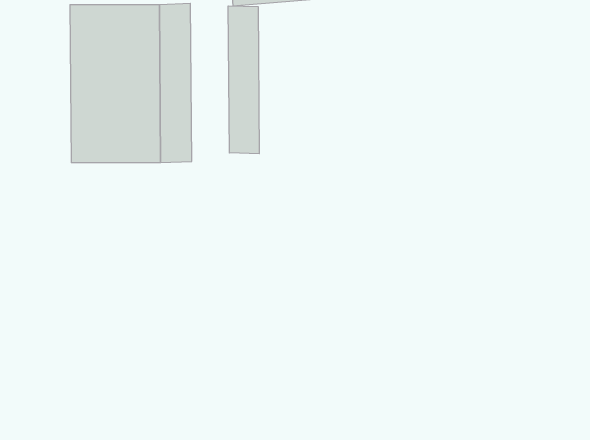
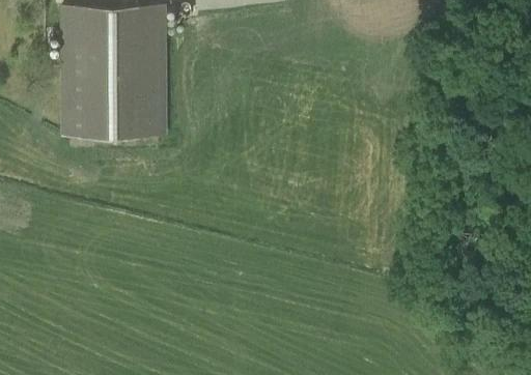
building: [228,6,259,154] -> none

